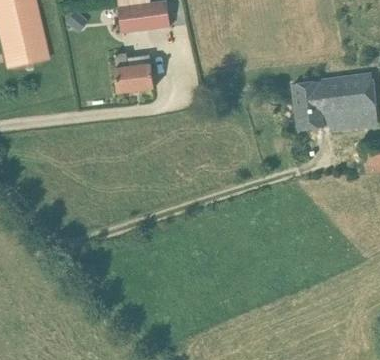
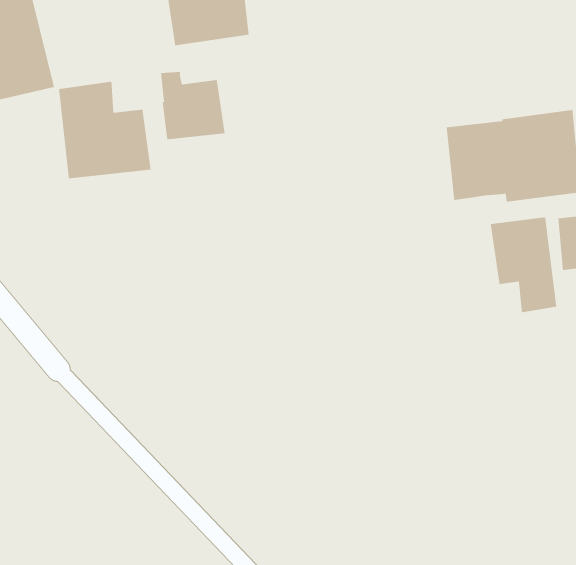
building: none -> [59,81,151,179]
building: none -> [490,217,557,313]

